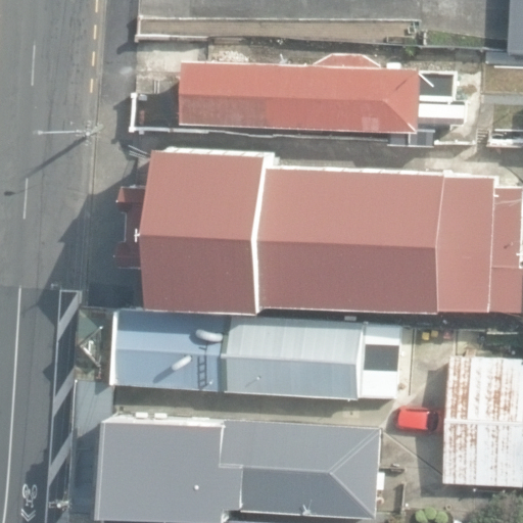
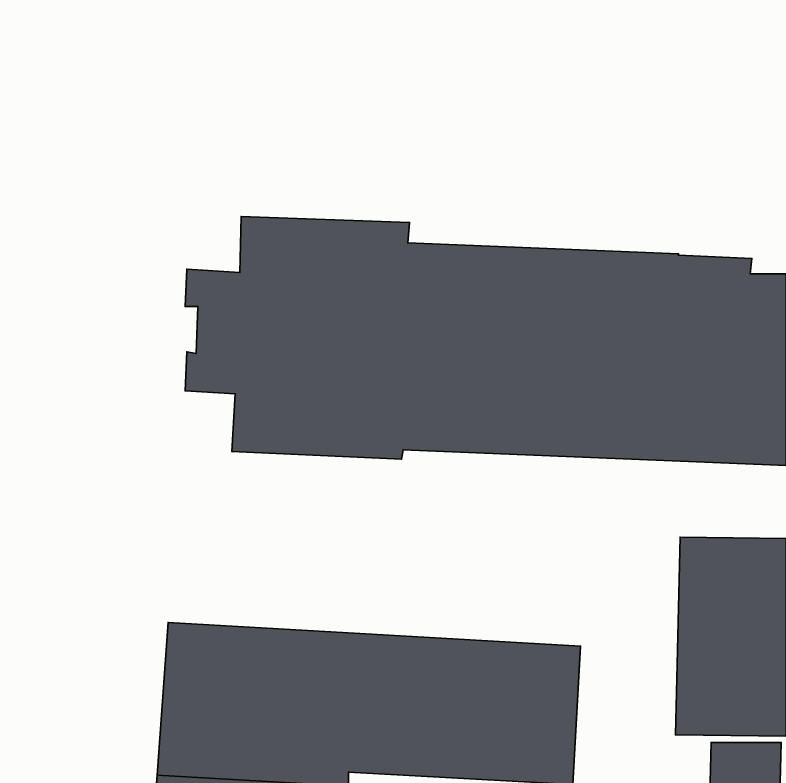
building: [179,49,467,147] -> none
building: [111,315,397,413] -> none

